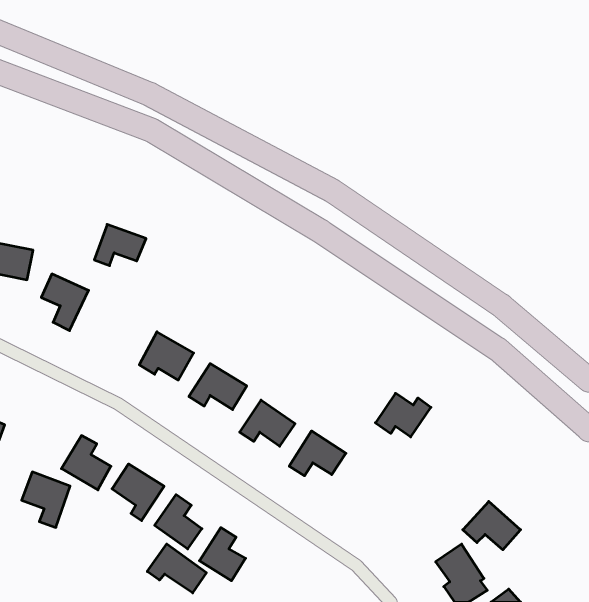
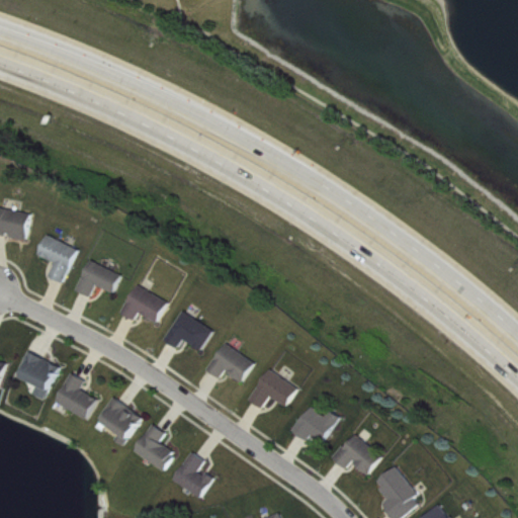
building: [94,224,146,266] -> [75,261,119,296]
building: [375,393,431,437] -> [291,406,339,443]
building: [22,472,70,527] -> [15,352,57,400]
building: [463,501,521,550] -> [331,433,380,474]
building: [147,544,206,593] -> none

